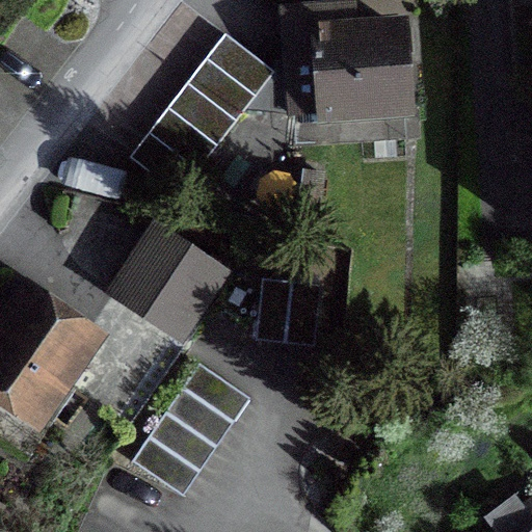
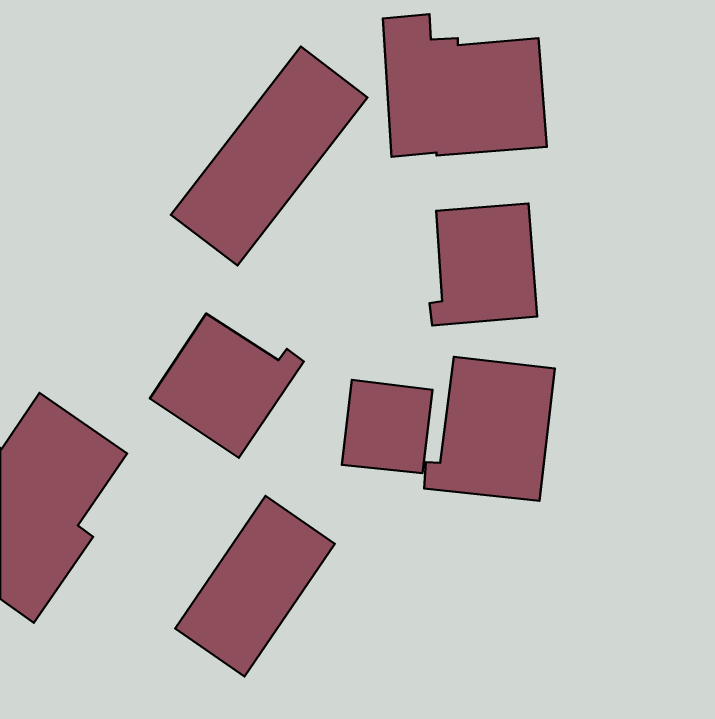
building: none -> [429,204,537,325]
building: none -> [424,357,555,501]

